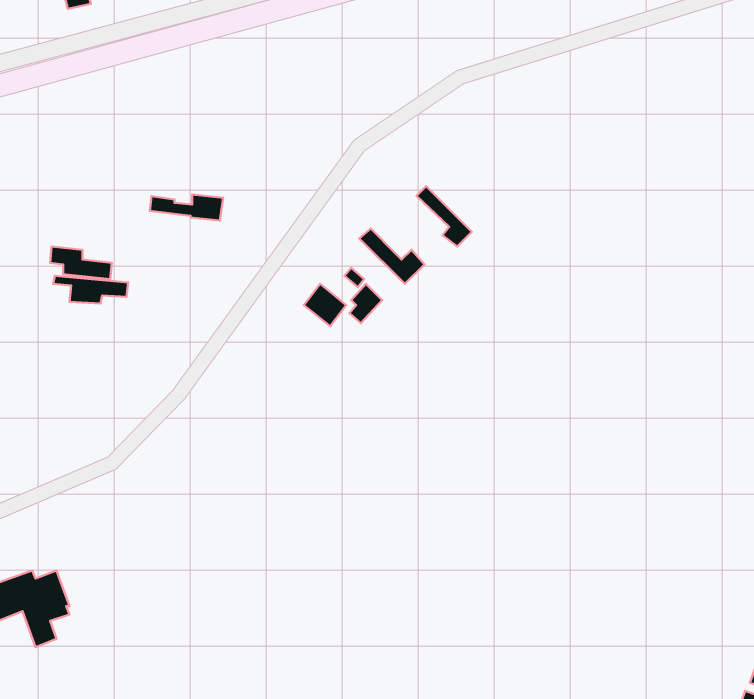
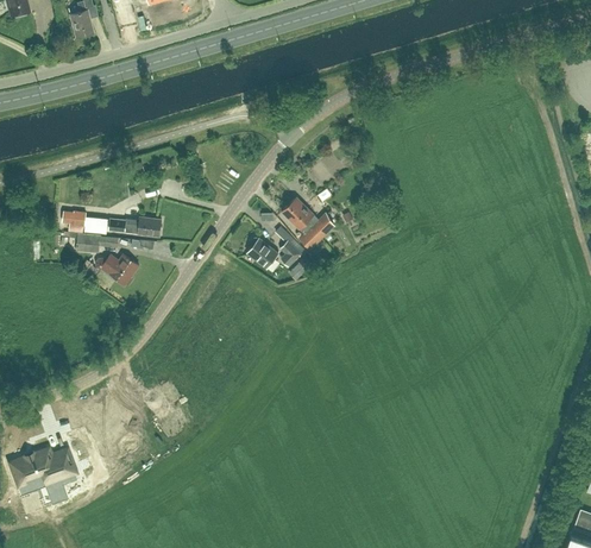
building: [417,186,472,246] -> [281,204,321,248]
building: [150,195,223,221] -> [108,218,162,237]
building: none -> [95,254,139,285]

